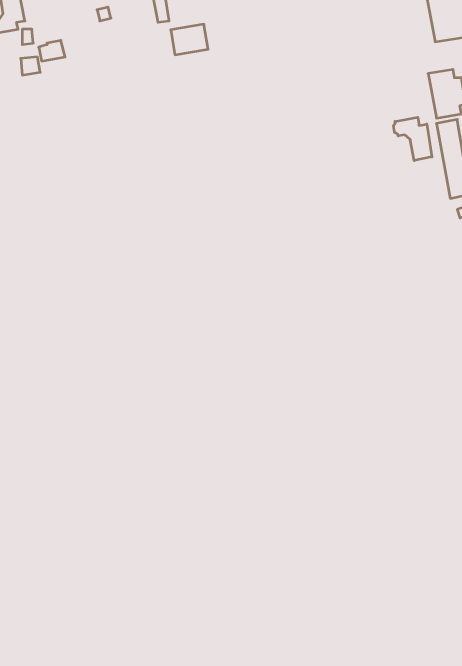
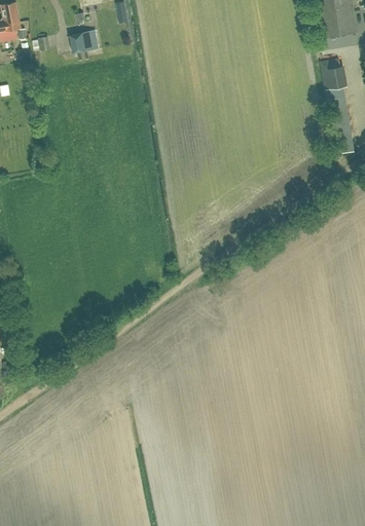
building: [171,24,208,55] -> [70,30,98,52]
building: [394,117,432,161] -> none

